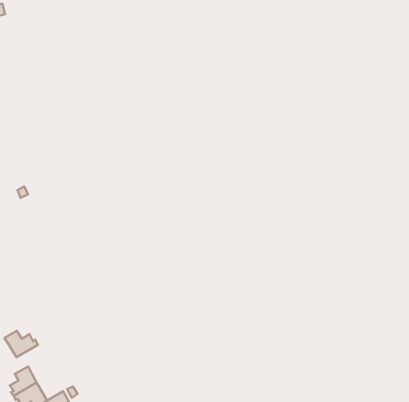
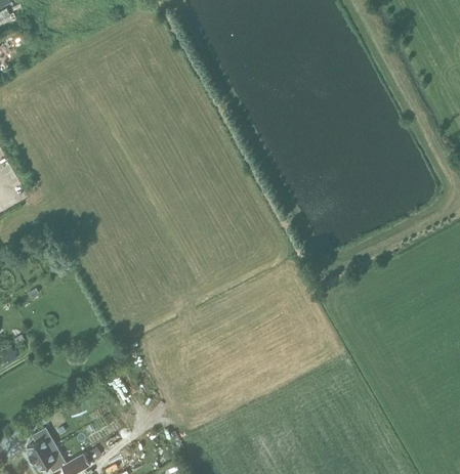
building: [5,331,38,357] -> none

